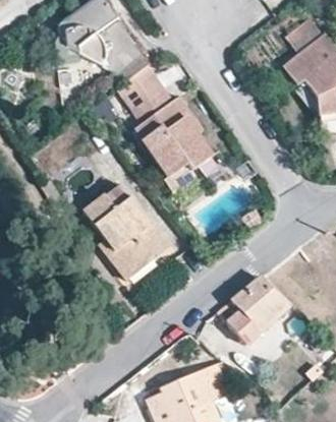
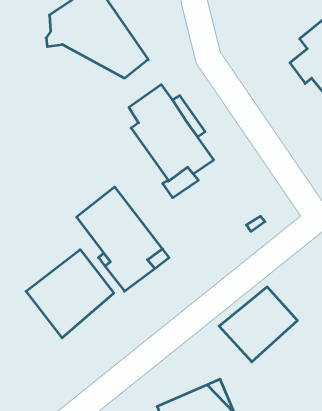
building: [117,63,163,107] -> none
building: none -> [26,250,114,338]

